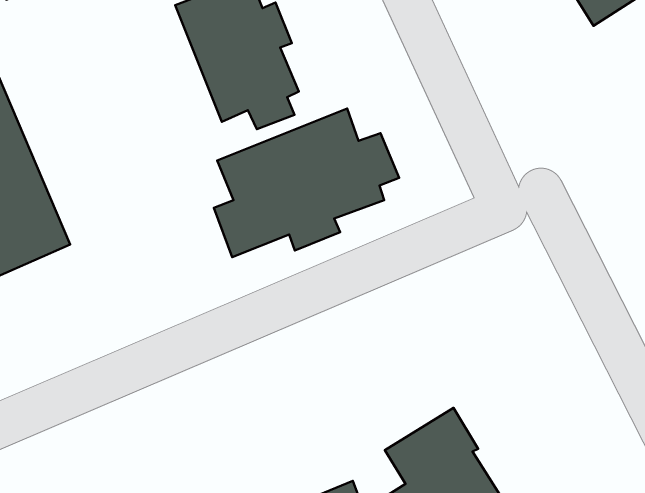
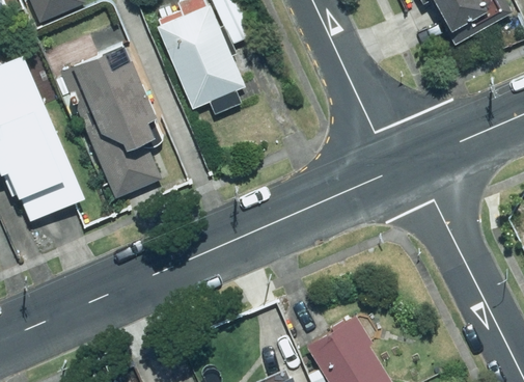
building: none -> [71,52,162,200]
building: [214,108,399,257] -> none

